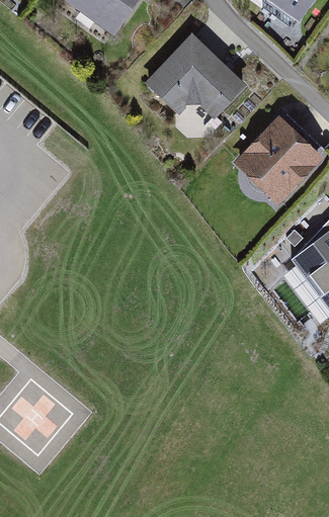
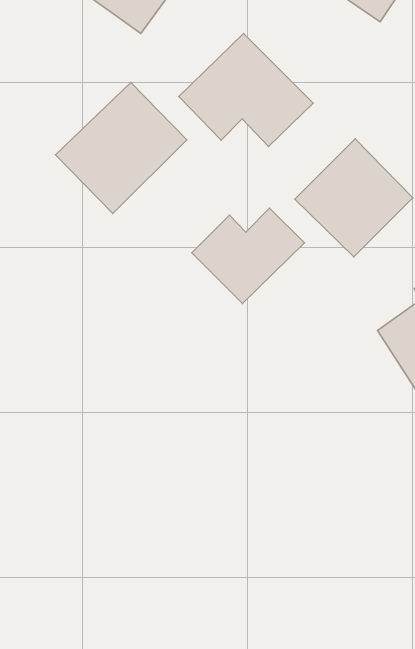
building: none -> [56,83,187,214]
building: none -> [192,208,305,304]

